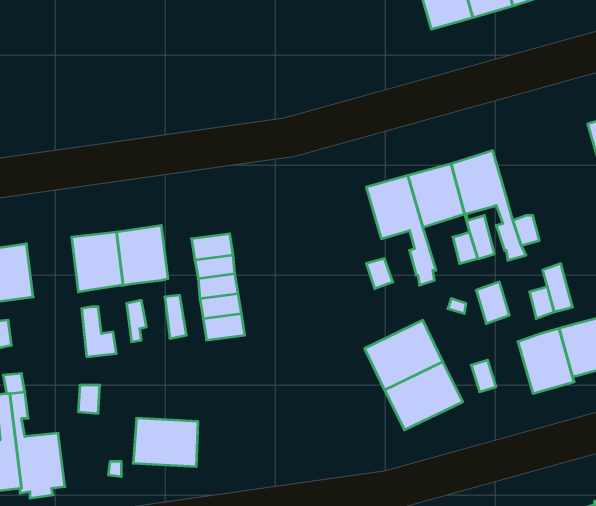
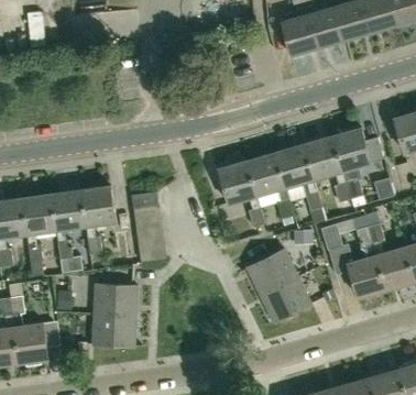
building: none -> [331,129,370,171]
building: none -> [219,161,258,202]
building: none -> [23,194,57,276]
building: none -> [96,284,139,316]

